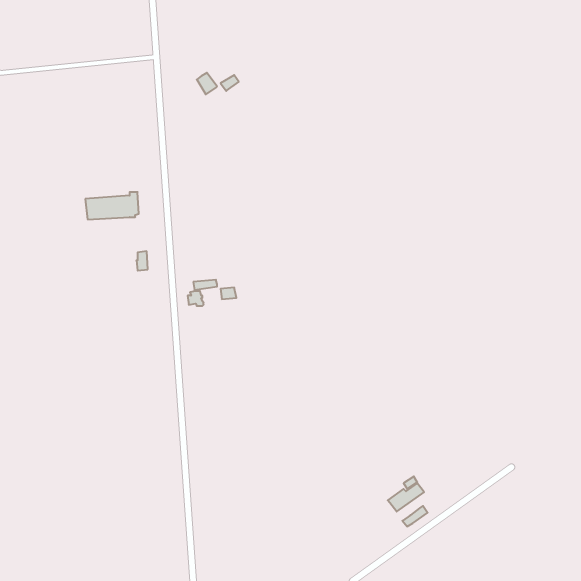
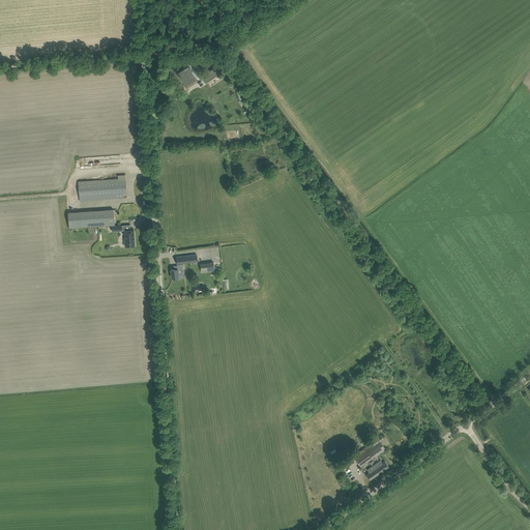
building: none -> [68,209,115,228]

